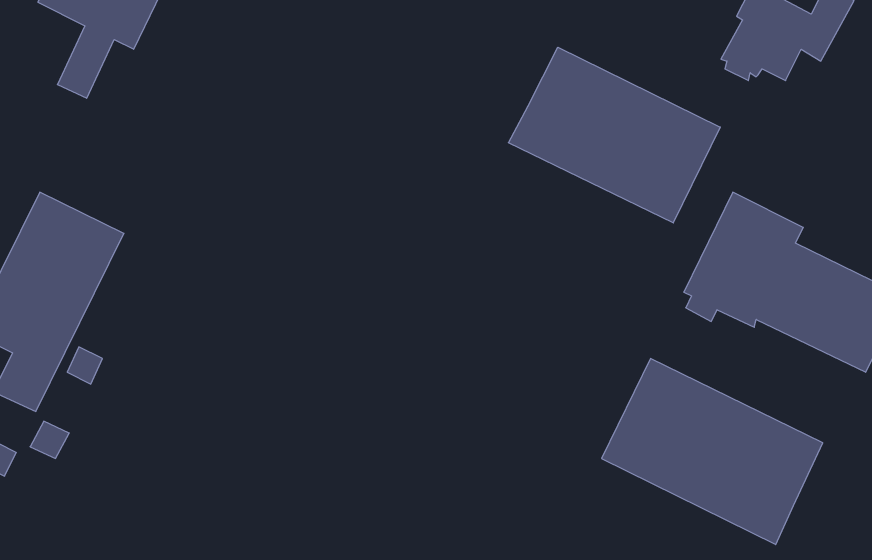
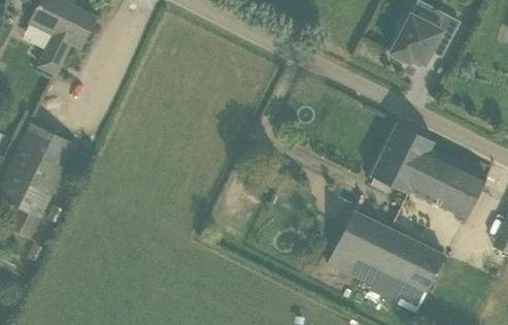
building: [508,47,720,223] -> none

